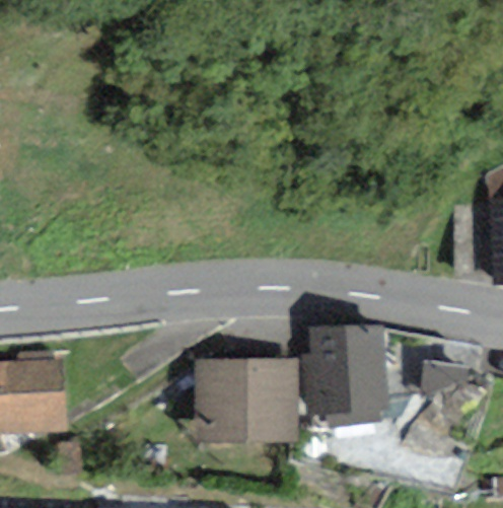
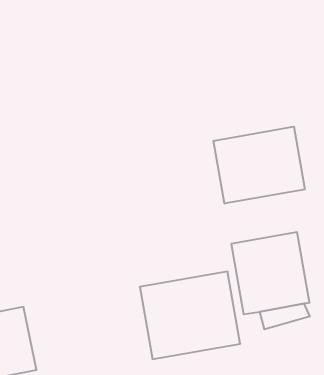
building: none -> [214,127,305,204]

